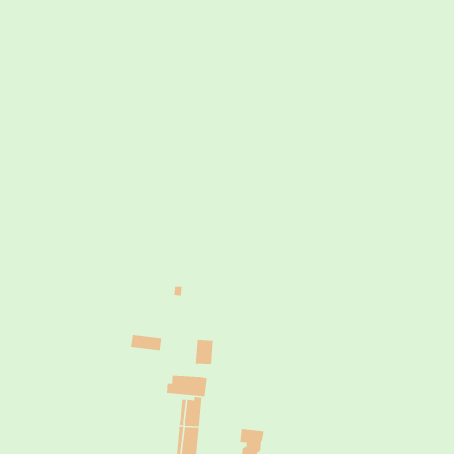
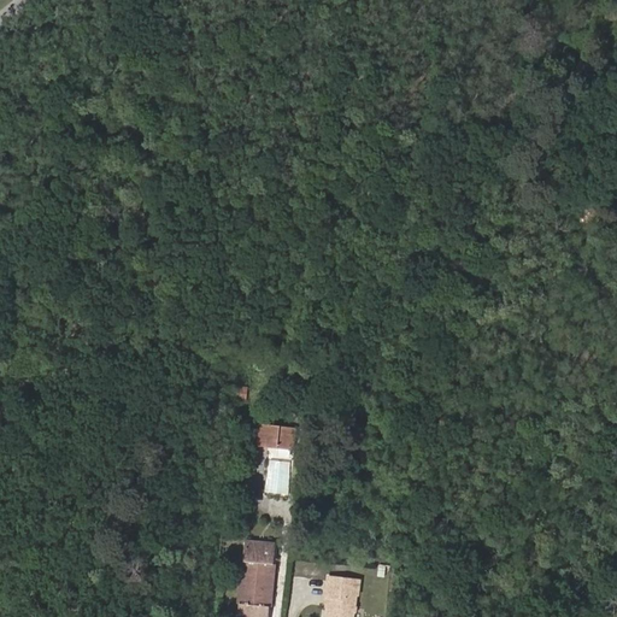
building: [130,334,162,351] -> [252,423,295,446]
building: [166,375,207,397] -> none

